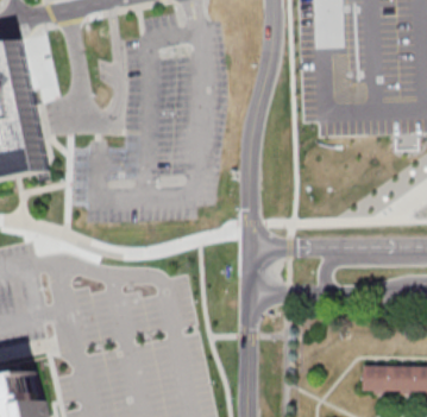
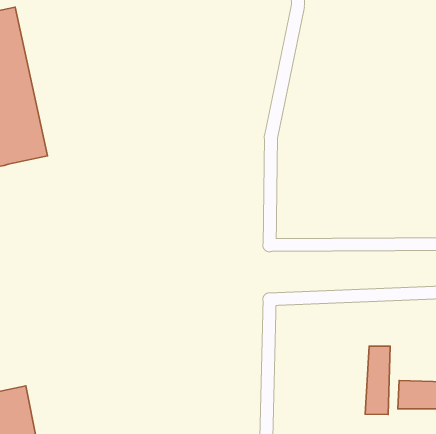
building: none -> [365,346,390,415]

